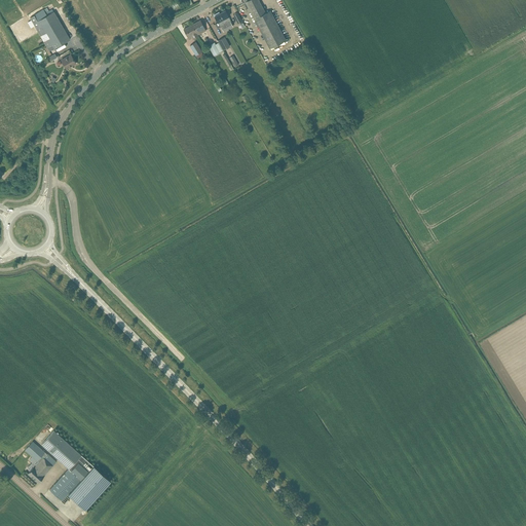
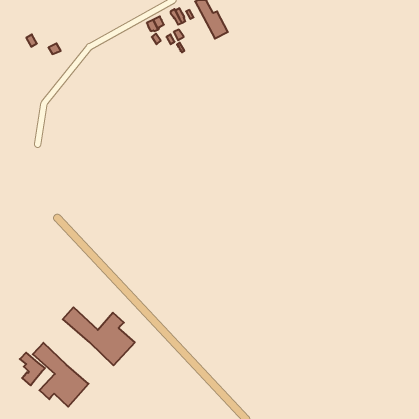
building: [30,8,70,51] -> none
building: none -> [63,307,135,365]

